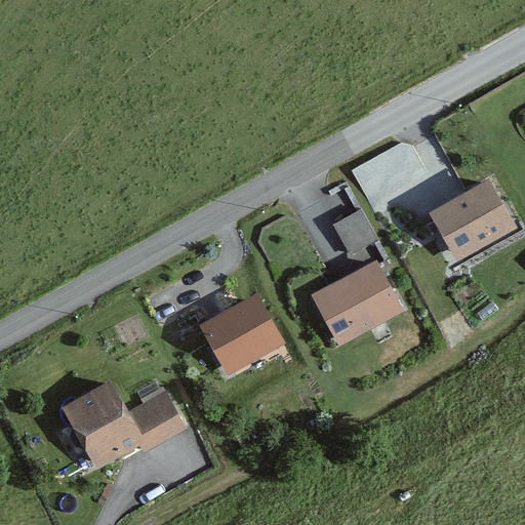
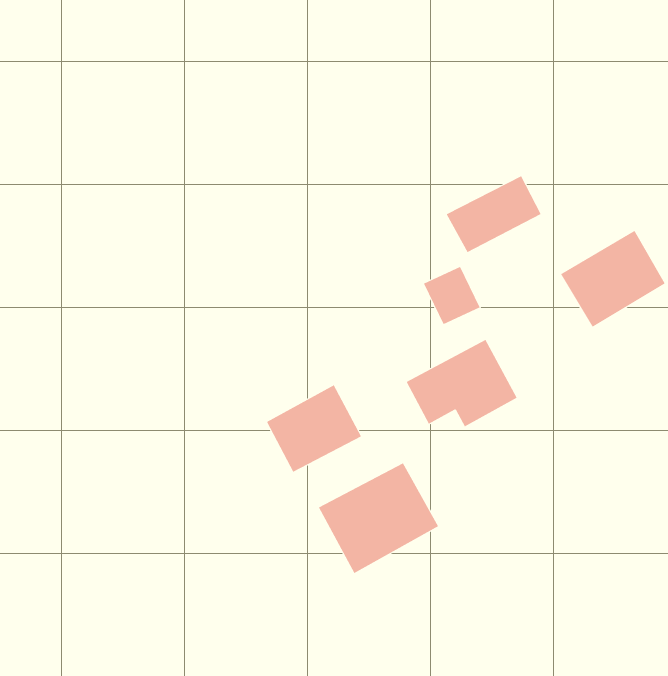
building: none -> [318,462,439,574]
building: [65,381,183,466] -> none

